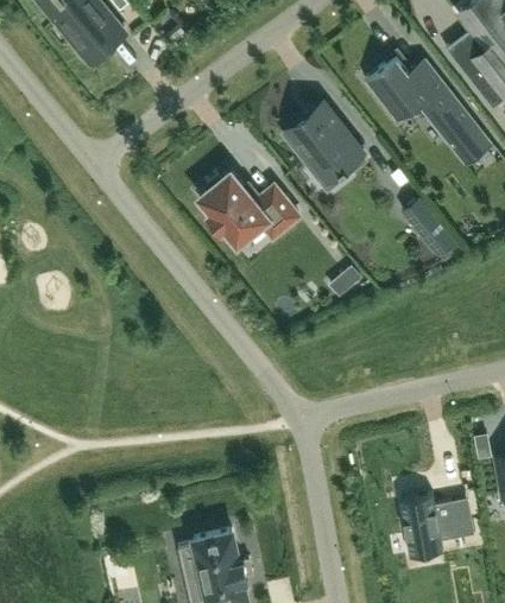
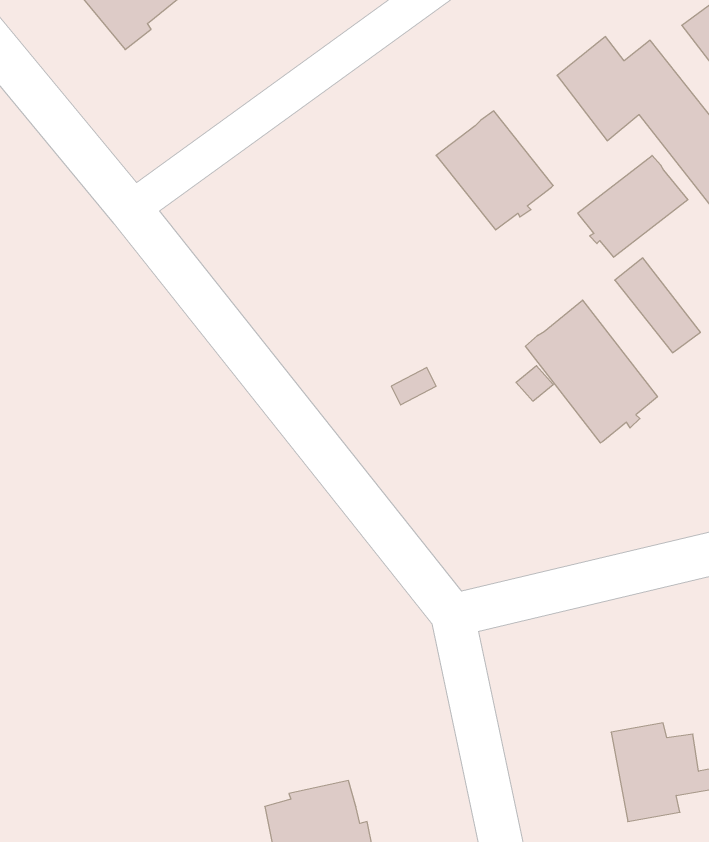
building: none -> [578,155,688,257]
building: [200,170,298,242] -> none
building: none -> [525,300,657,443]

